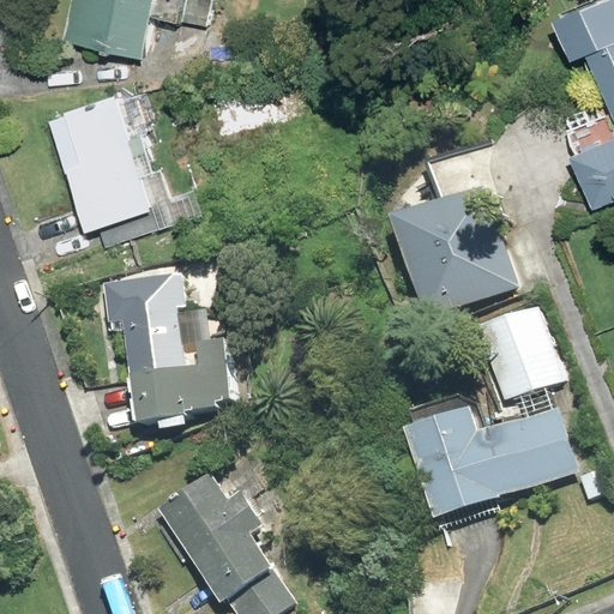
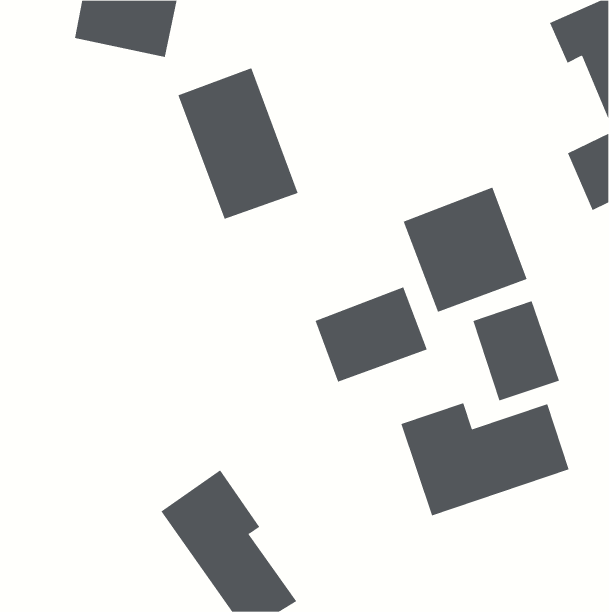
building: [61,83,182,235] -> [177,67,299,220]
building: [100,271,233,423] -> none
building: none -> [315,287,427,383]

